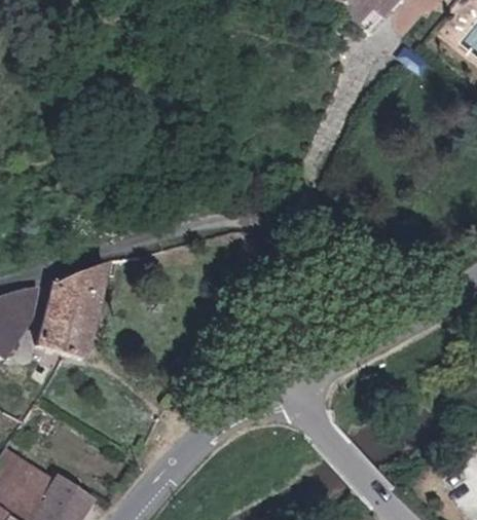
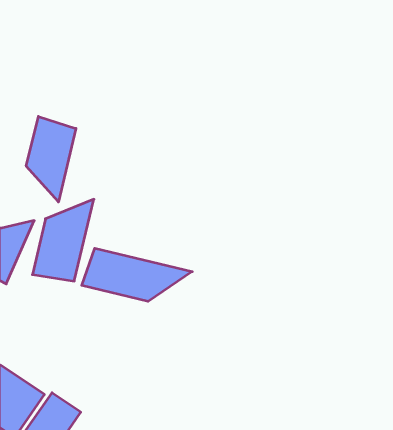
building: none -> [26,116,76,202]
building: none -> [82,248,192,301]

